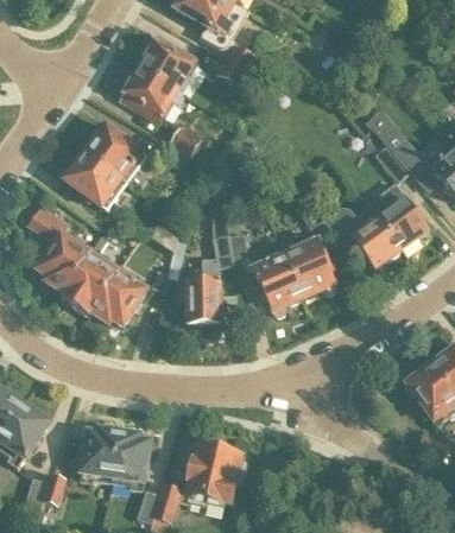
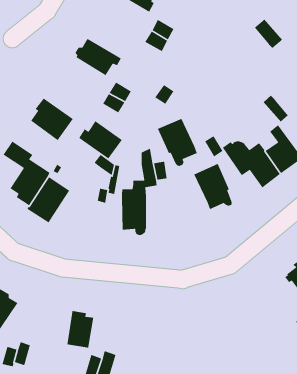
building: [140,40,197,95] -> none
building: [366,109,405,150] -> [254,19,283,49]
building: [82,123,141,176] -> [78,120,123,159]
building: [248,249,303,315] -> [157,118,198,167]
building: [91,271,146,325] -> none
building: [80,426,120,476] -> none
building: [184,443,246,506] -> none

